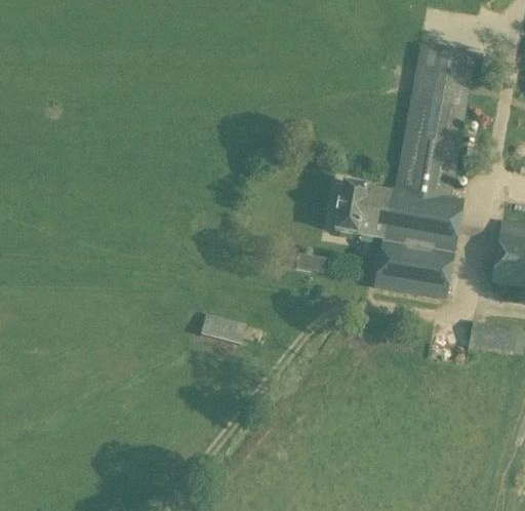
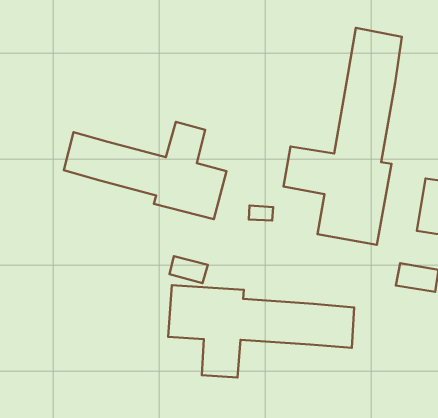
building: none -> [64,122,226,219]
building: none -> [168,285,354,378]

